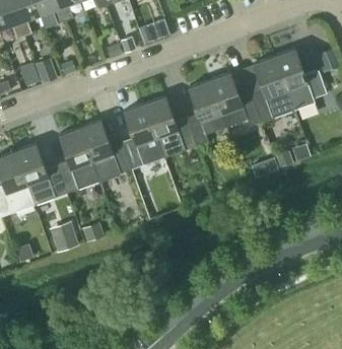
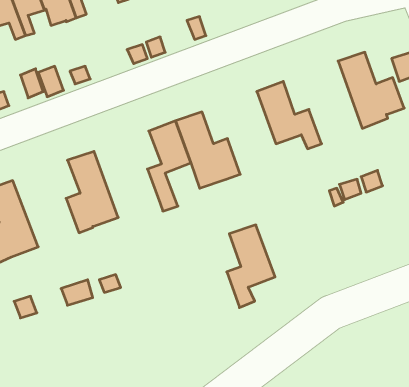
building: [251,56,293,122] -> none
building: [186,80,224,146] -> [227,225,275,308]
building: [79,120,132,181] -> none
building: [14,143,67,204] -> none

